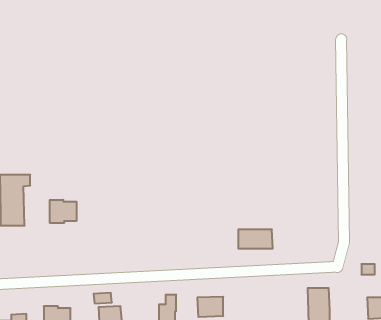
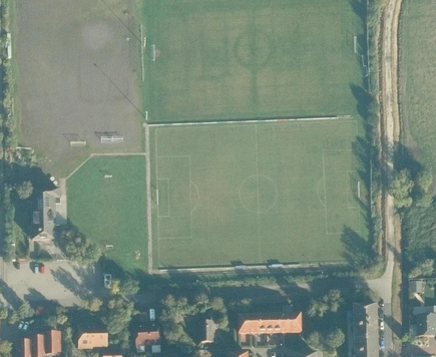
building: [50,200,76,223] -> none
building: [238,229,273,249] -> [266,314,302,334]

